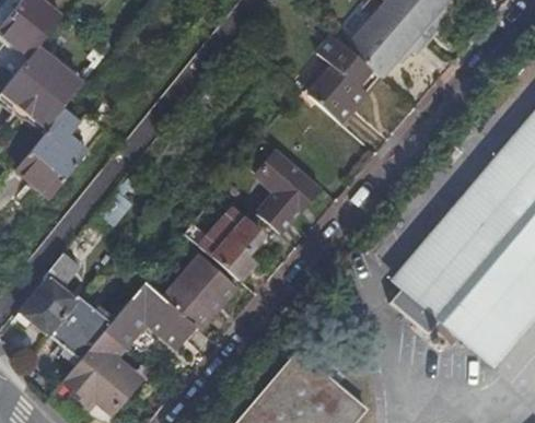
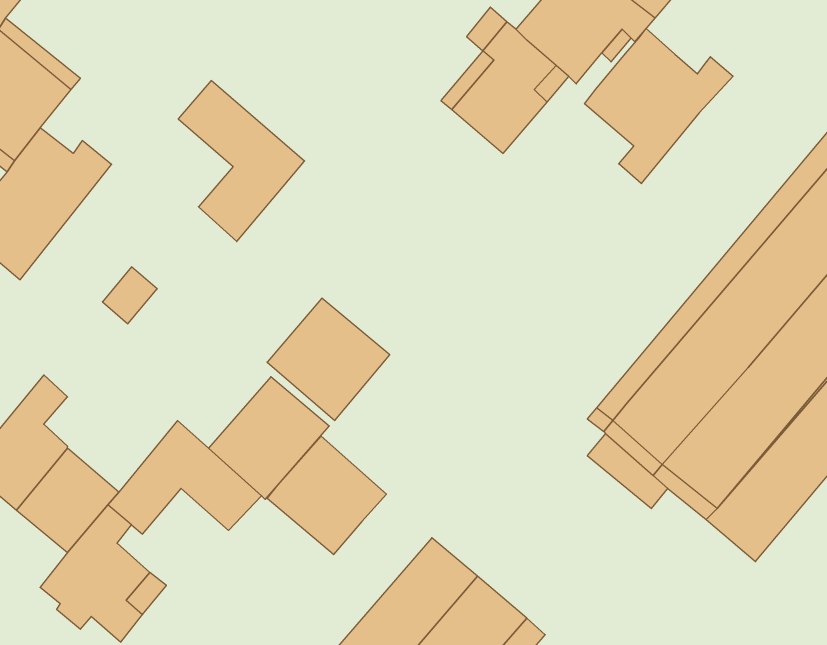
building: none -> [585,28,733,184]
building: [244,139,319,235] -> [178,81,305,242]
building: none -> [267,436,386,555]

